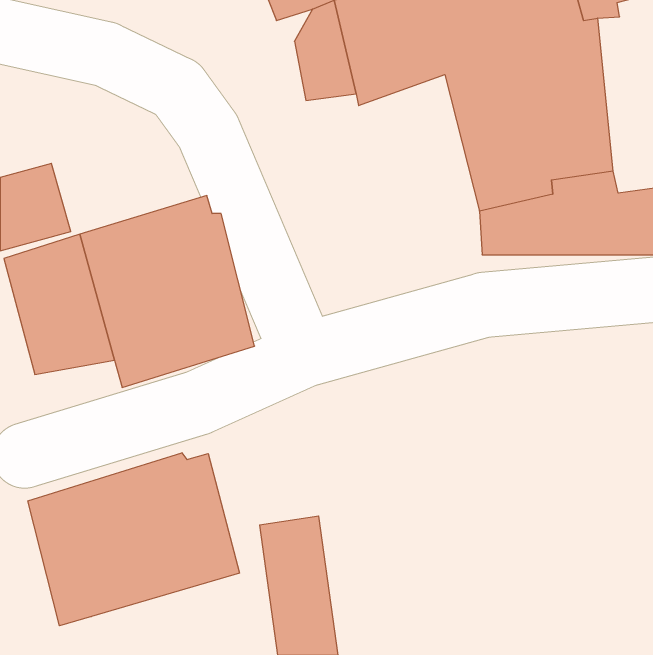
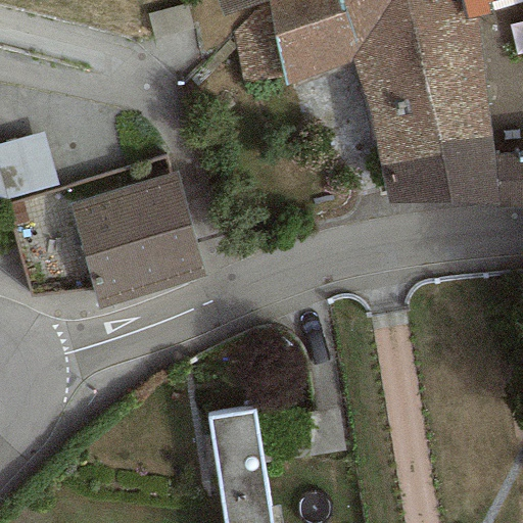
building: [28,453,240,626] -> none

